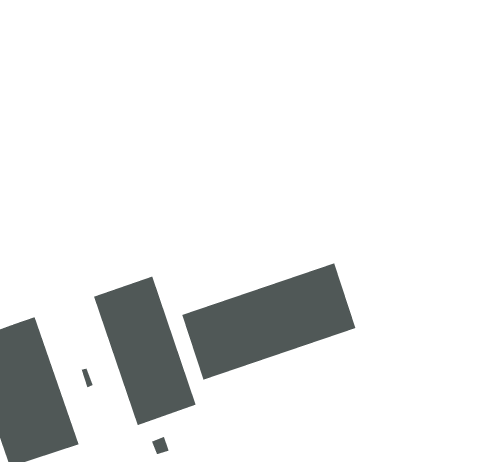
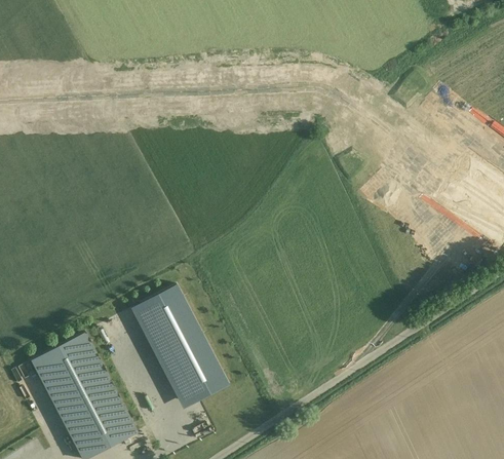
building: [181,263,356,381] -> none

